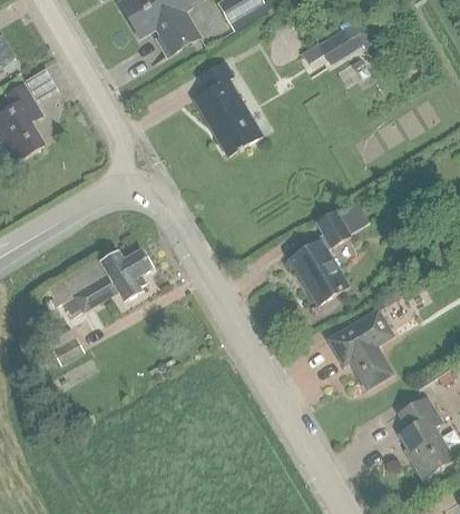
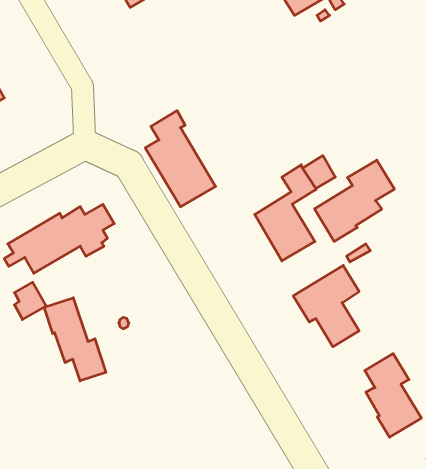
building: [193,61,262,156] -> [145,111,216,207]
building: none -> [315,160,394,241]
building: none -> [44,298,106,381]

